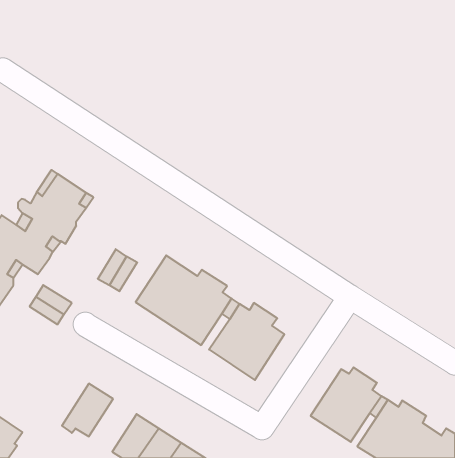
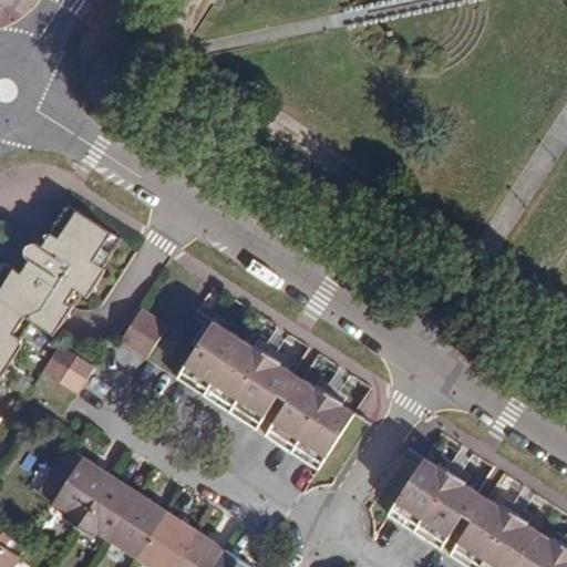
building: none -> [33,444,110,526]
building: none -> [110,493,168,558]

